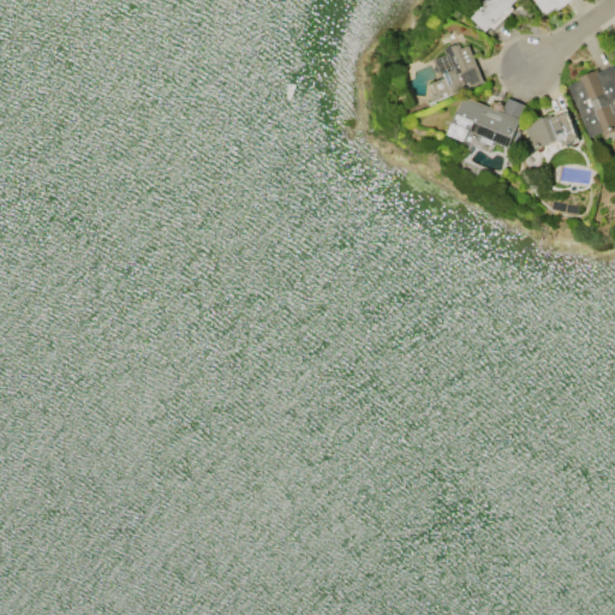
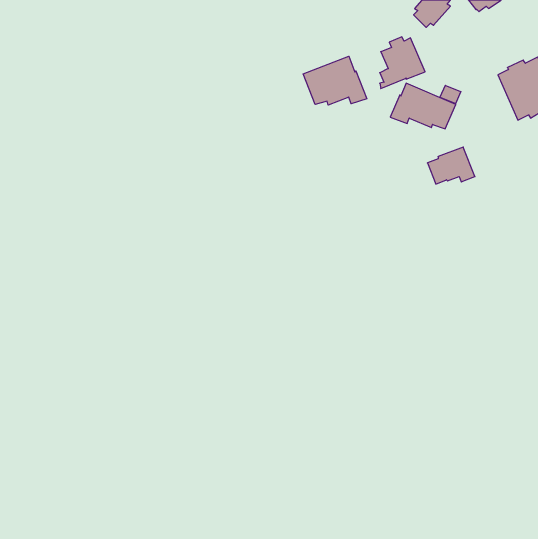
building: none -> [303,56,367,105]
building: [525,107,579,149] -> [427,147,475,184]

